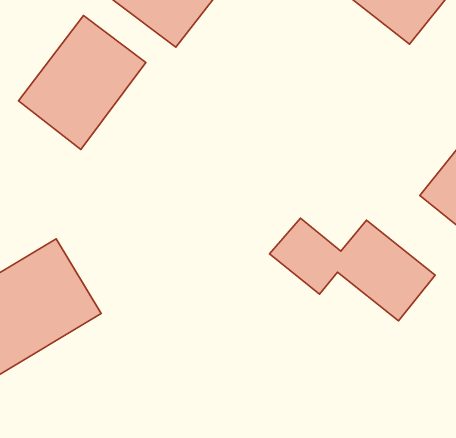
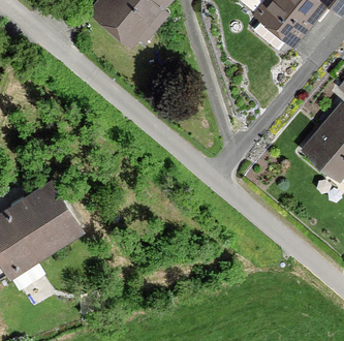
building: [18,15,146,150] -> none
building: [270,218,435,321] -> none

